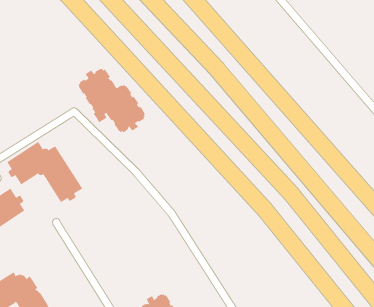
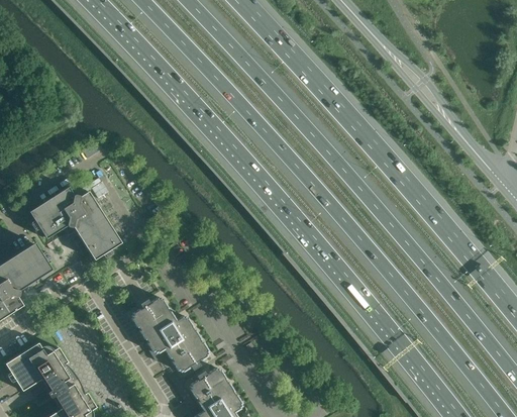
building: [77,67,146,133] -> none
building: none -> [130,298,208,373]

